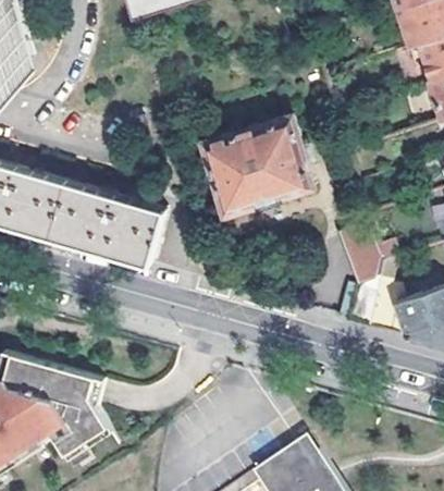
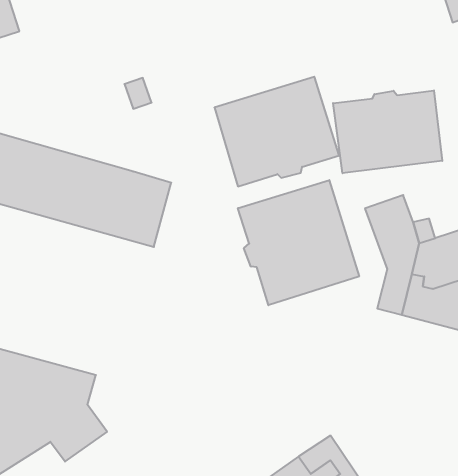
building: none -> [333,90,442,173]
building: none -> [238,180,359,305]

